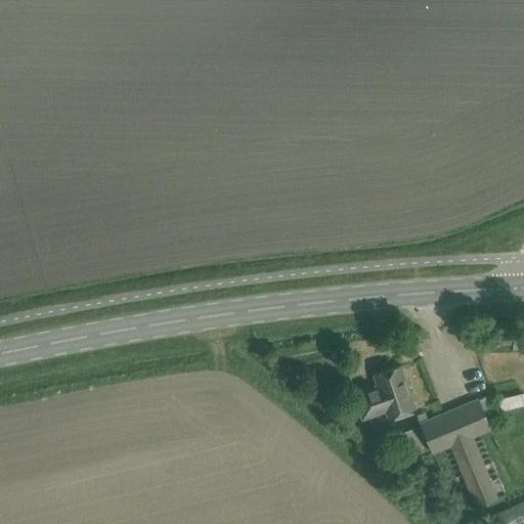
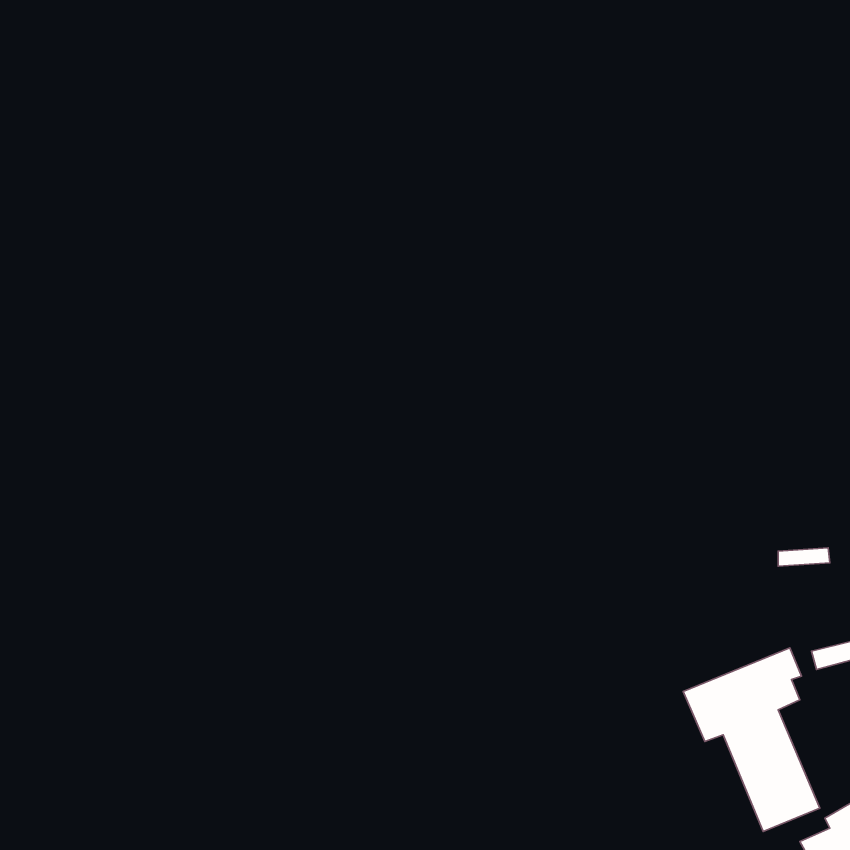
building: [355,367,417,421] -> none

